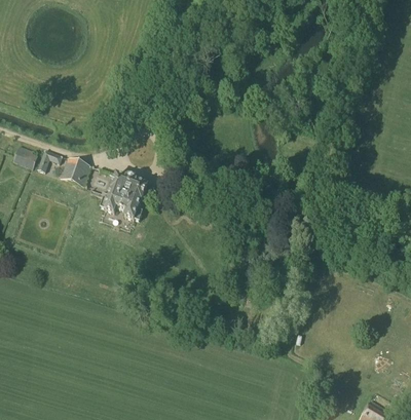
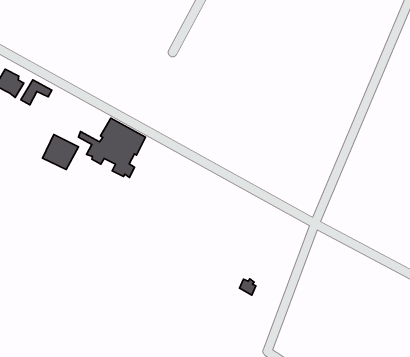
building: [61,159,89,187] -> [42,134,79,169]

